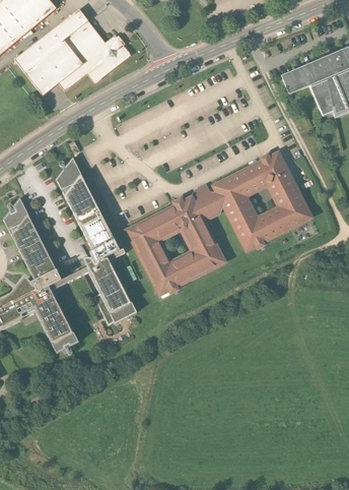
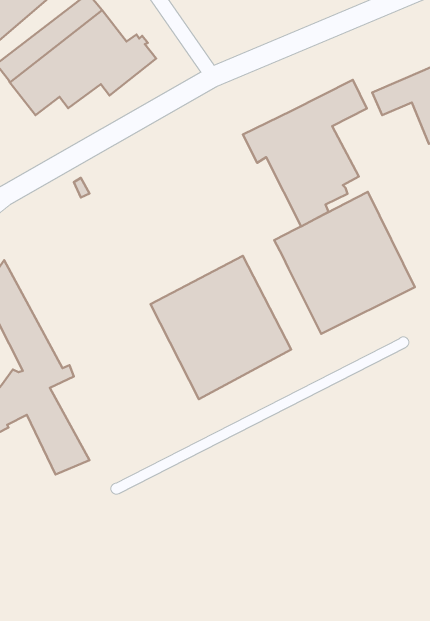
building: none -> [243,80,367,226]
building: [54,157,137,324] -> none
building: [196,187,222,216] -> none

